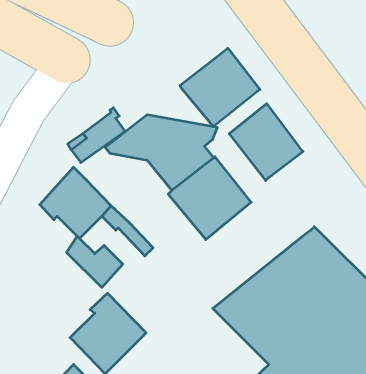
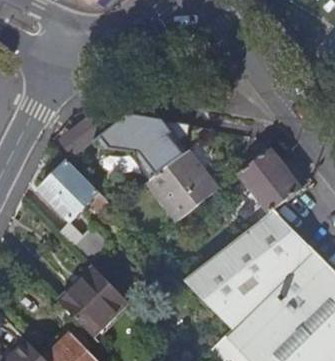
building: [180,48,260,127] -> none
building: [229,104,303,181] -> [238,147,301,213]

